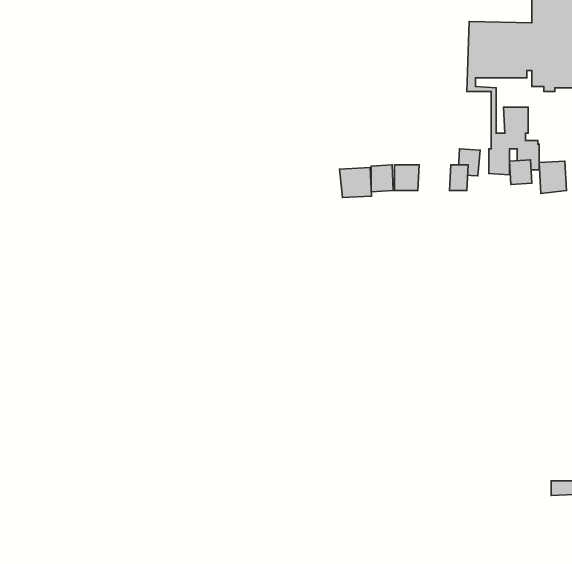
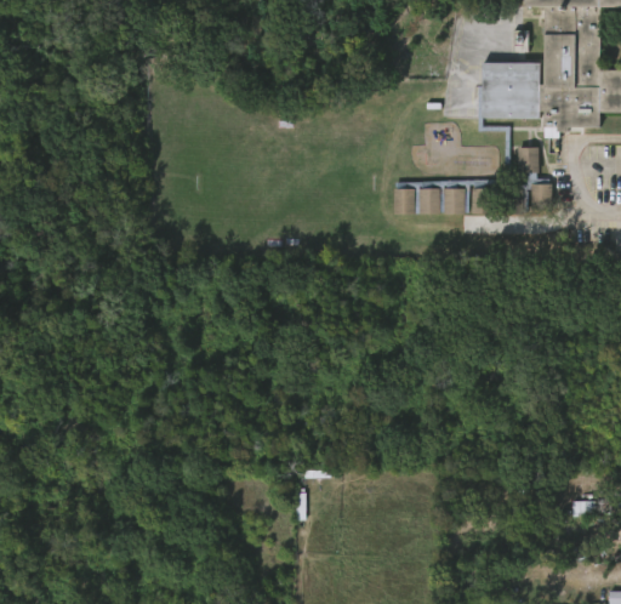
building: [539,161,567,193] -> none
building: none -> [439,189,462,215]
building: [340,168,371,197] -> none

